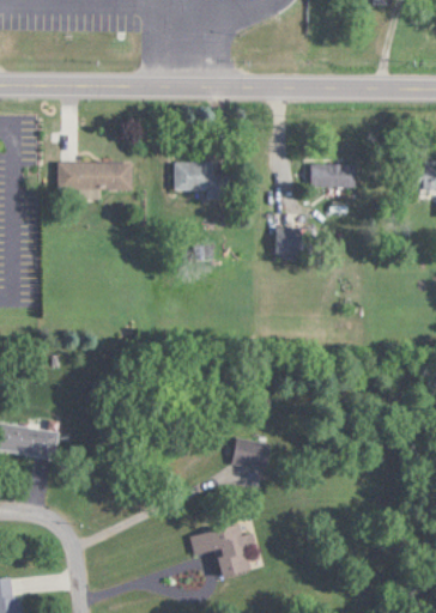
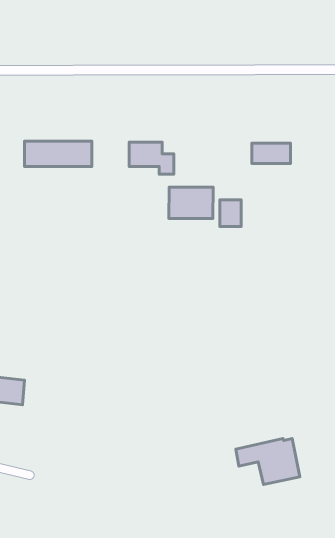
building: none -> [169,187,213,218]
building: [231,438,271,471] -> none
building: [189,524,261,576] -> [236,438,300,484]

